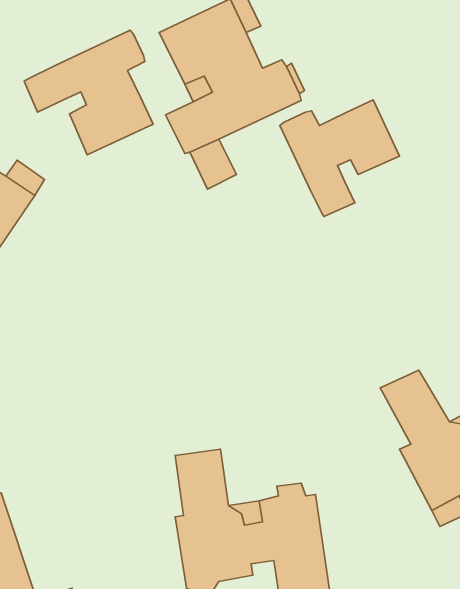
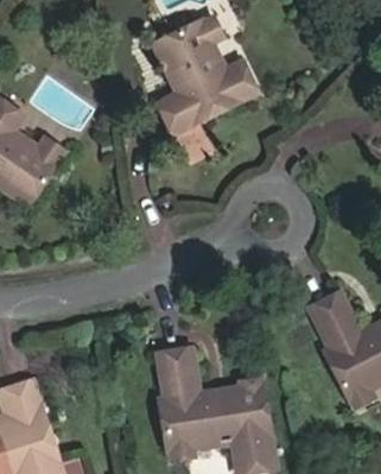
building: [24,30,153,155] -> none
building: [280,100,400,216] -> none

